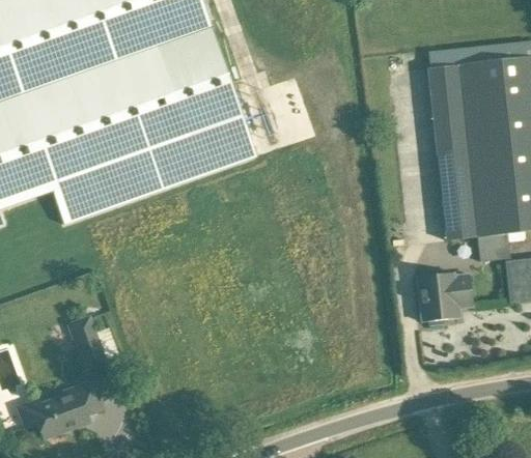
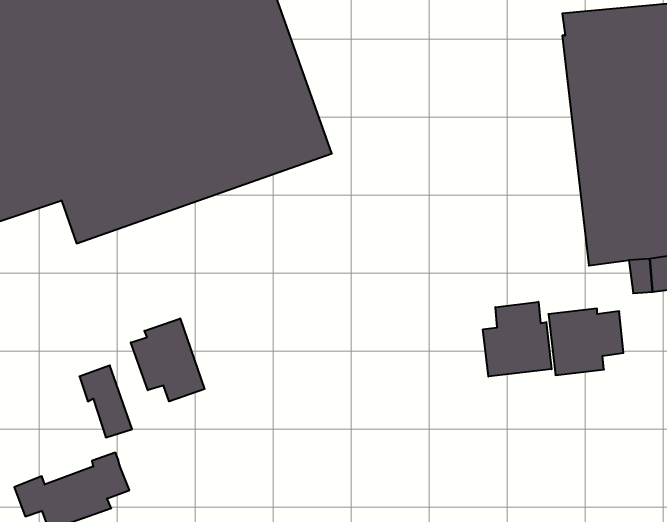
building: none -> [483,302,552,377]
building: none -> [131,318,205,401]

